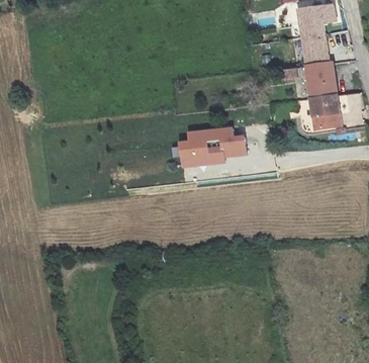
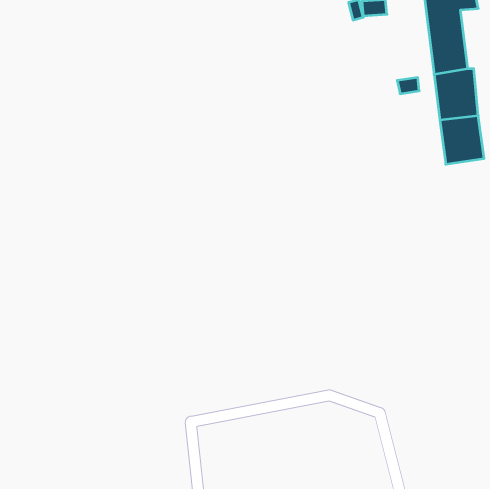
building: [180,127,247,168] -> none

